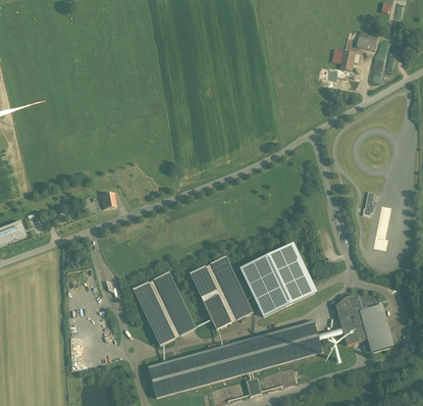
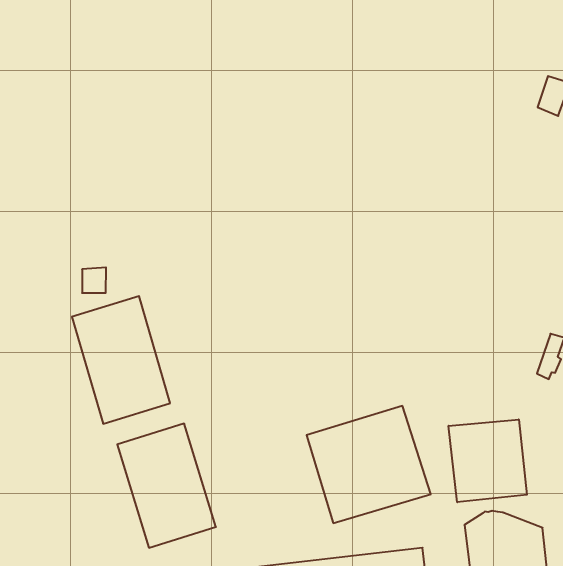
building: none -> [449,419,527,502]
building: [191,256,253,331] -> [72,296,170,424]

